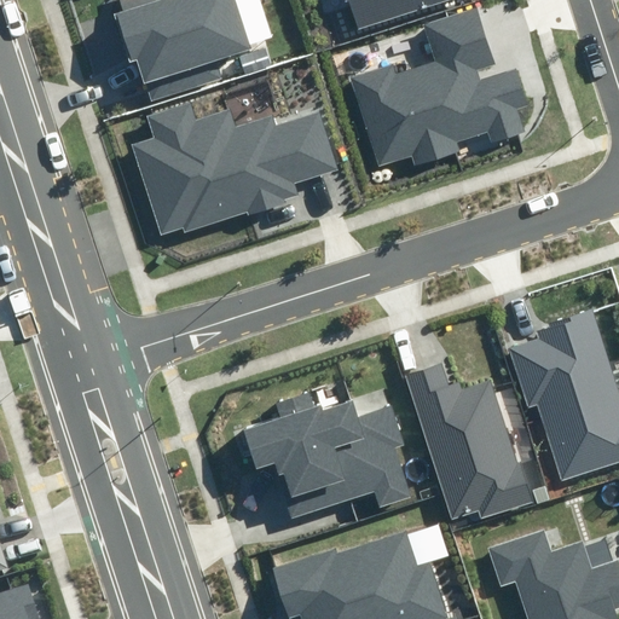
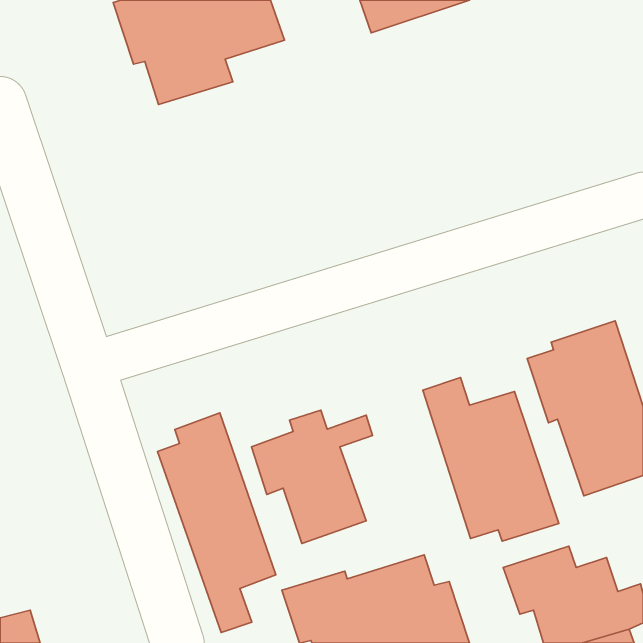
building: [351,11,531,169] -> none
building: [131,104,336,237] -> none
building: none -> [157,413,276,632]
building: [326,406,411,508] -> none

